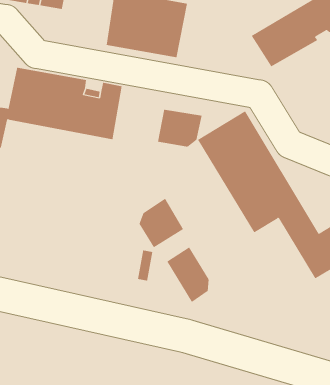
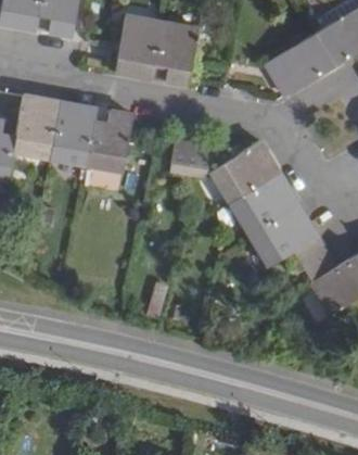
building: [139,198,184,248] -> none
building: [167,246,209,303] -> none

